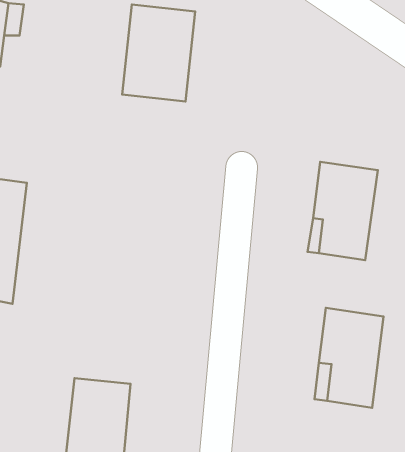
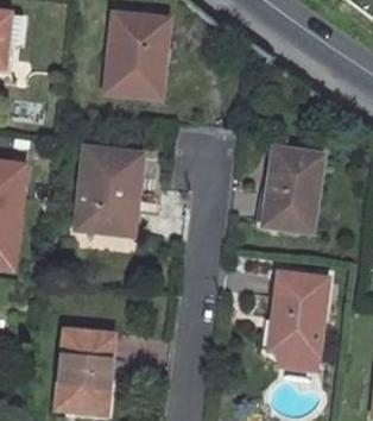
building: none -> [69,147,141,232]

